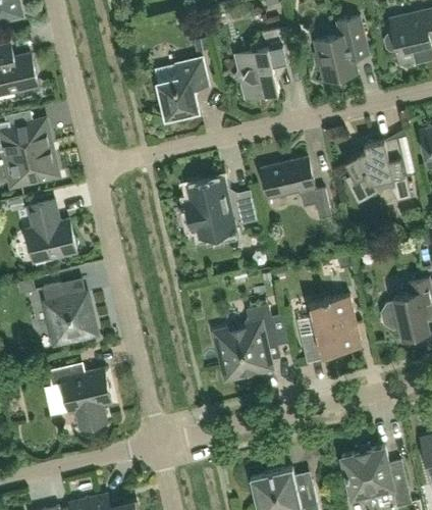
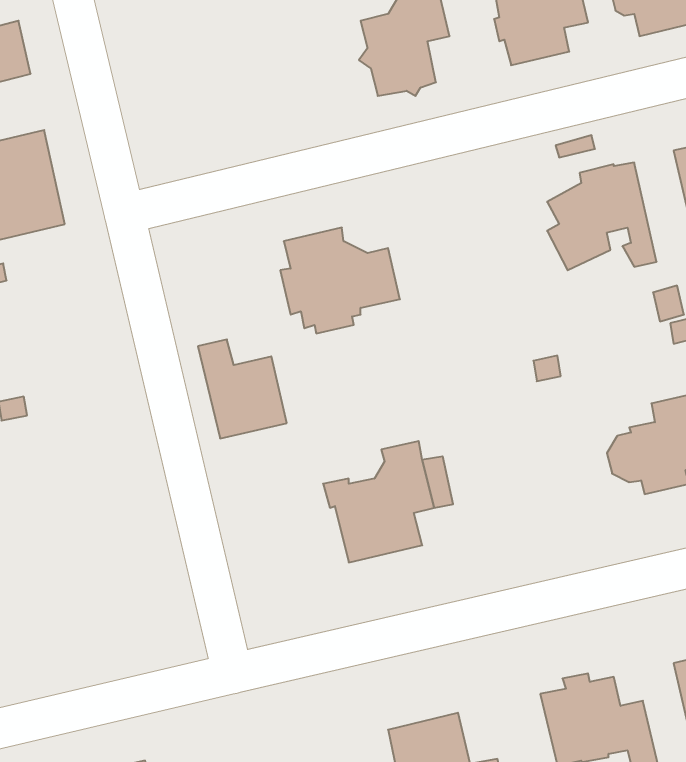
building: [154,59,208,118] -> none
building: [261,159,331,219] -> none
building: [26,202,77,266] -> none
building: [42,285,95,344] -> [198,339,287,438]
building: [296,296,361,357] -> none
building: [48,365,110,428] -> none

